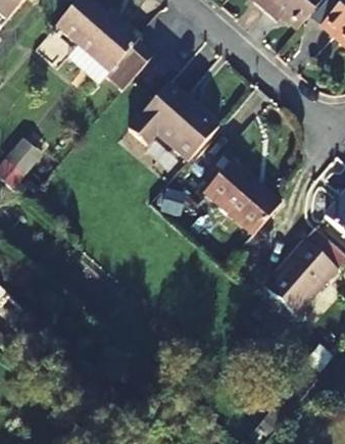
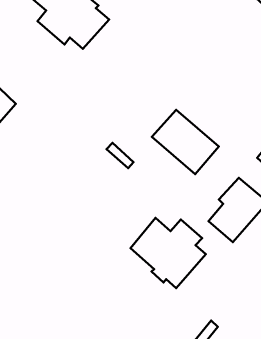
building: [128,82,218,161] -> none
building: none -> [131,218,206,288]

